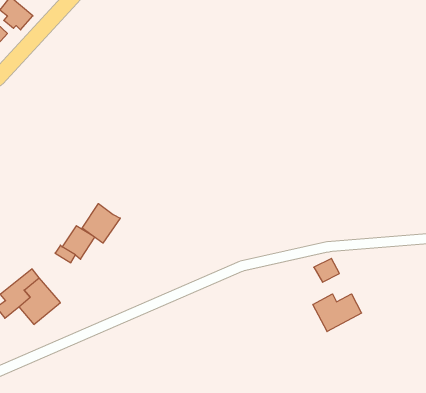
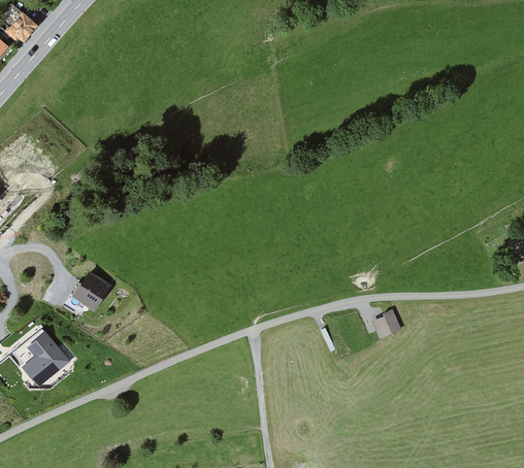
building: [82,204,120,243] -> none
building: [313,294,362,332] -> none

